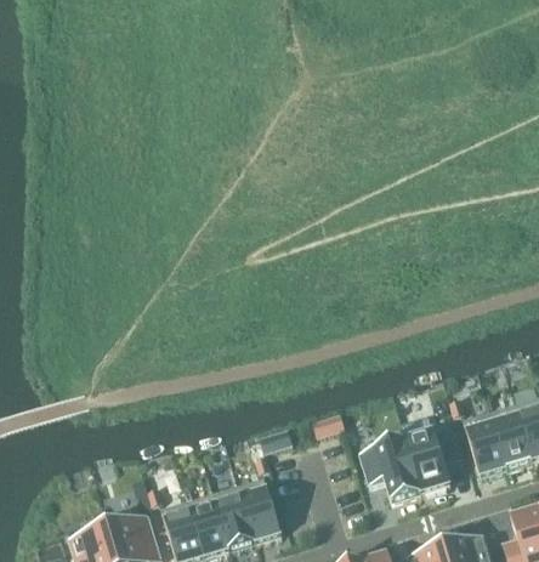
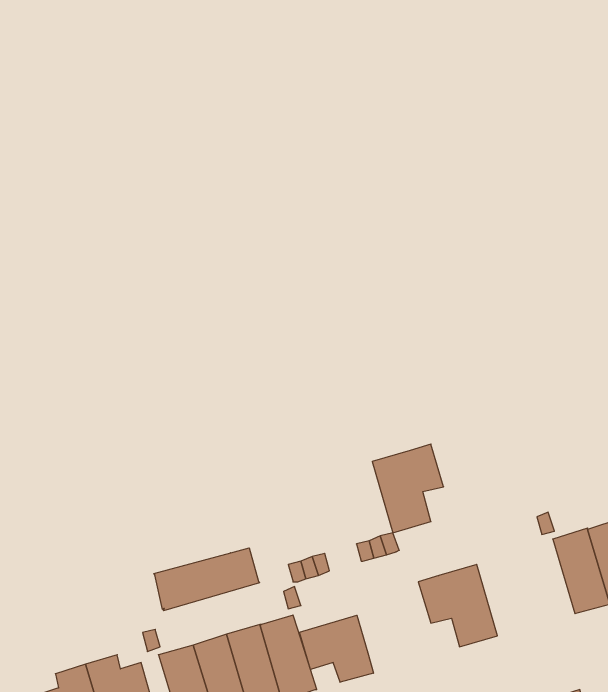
building: [404,426,459,494] -> [372,444,444,533]
building: none -> [154,548,260,611]
building: none -> [300,615,373,682]

